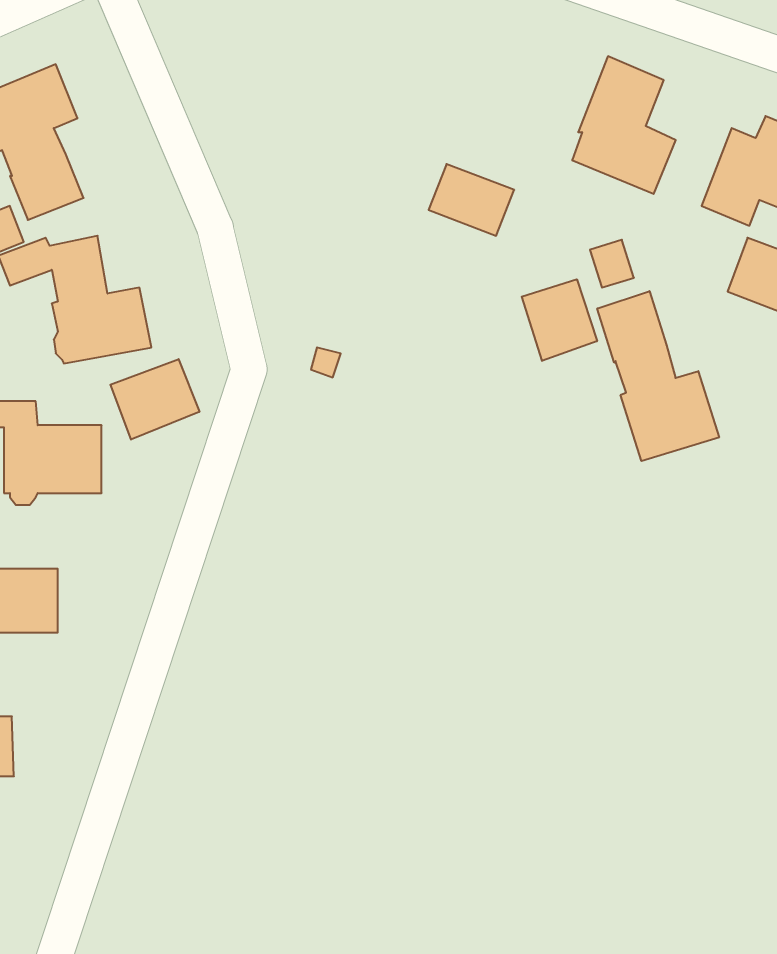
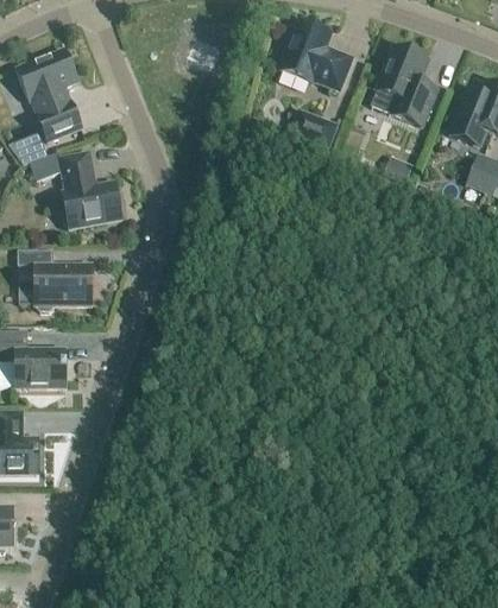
building: none -> [279,20,352,89]
building: [522,279,597,361] -> none
building: [597,291,719,461] -> none
building: [110,359,199,440] -> none

